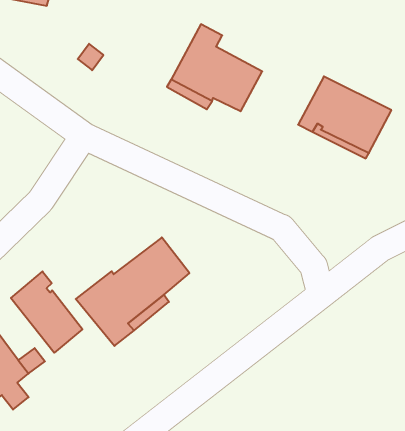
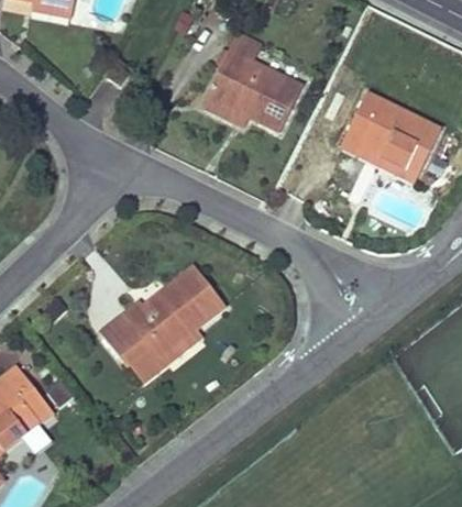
building: [11,271,82,353] -> none

